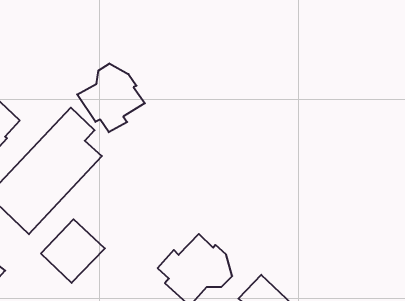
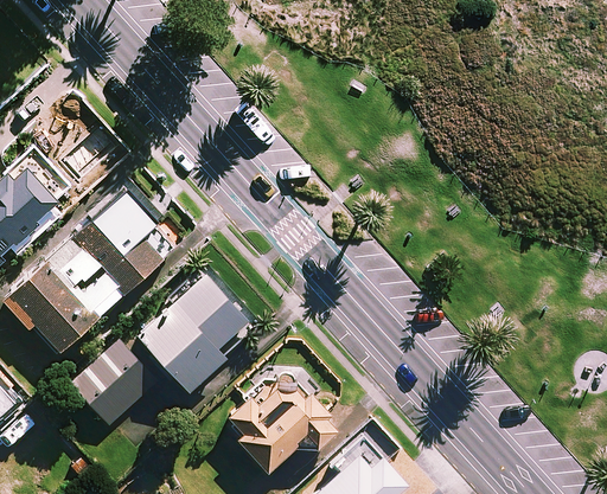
building: [77,63,145,132] -> none
building: none -> [138,275,256,393]

